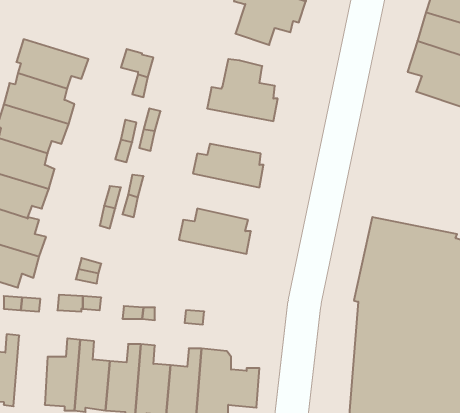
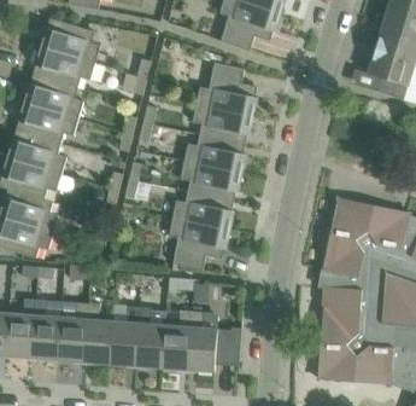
building: none -> [40,19,100,63]
building: none -> [193,105,253,144]
building: none -> [181,161,241,201]
building: none -> [169,218,230,269]
building: none -> [31,300,60,360]

